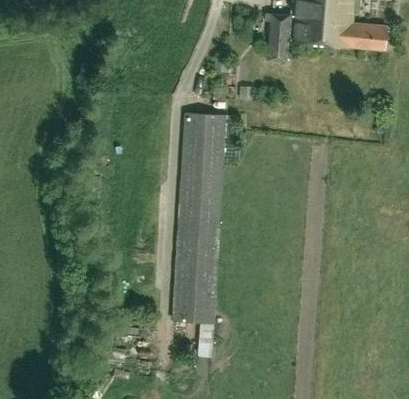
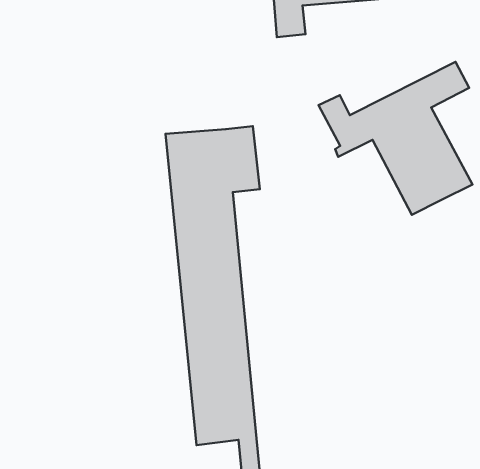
building: none -> [319,62,472,215]

